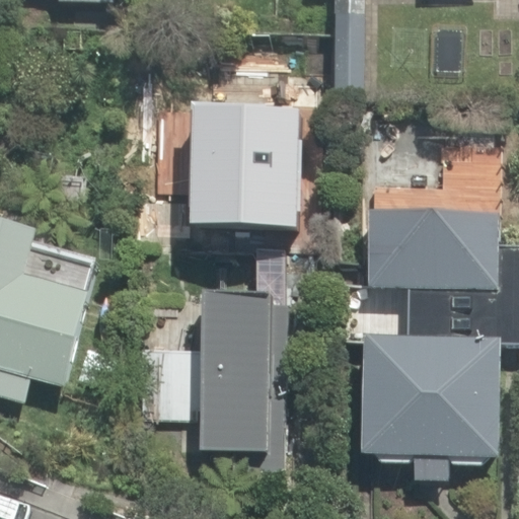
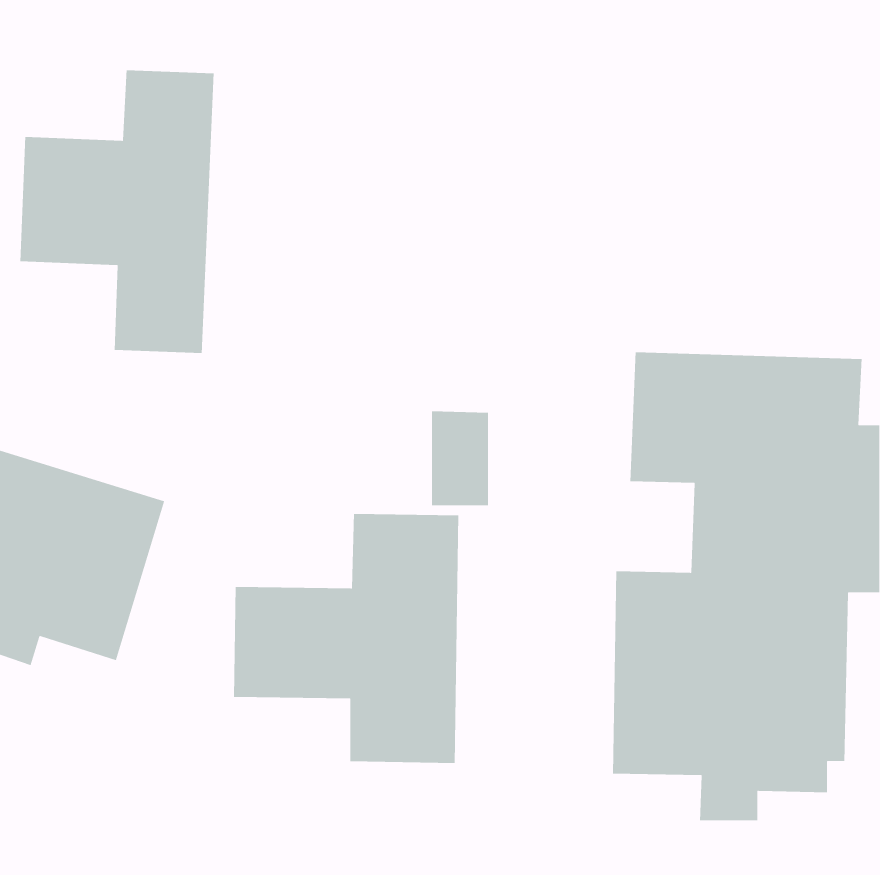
building: none -> [20,69,214,354]
building: [190,114,318,232] -> none

